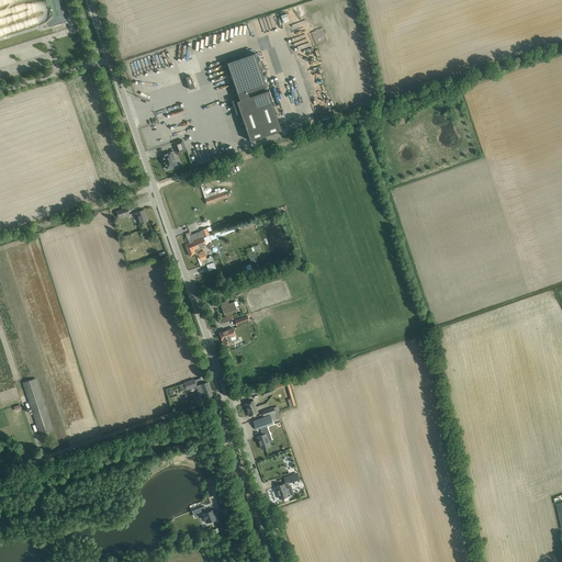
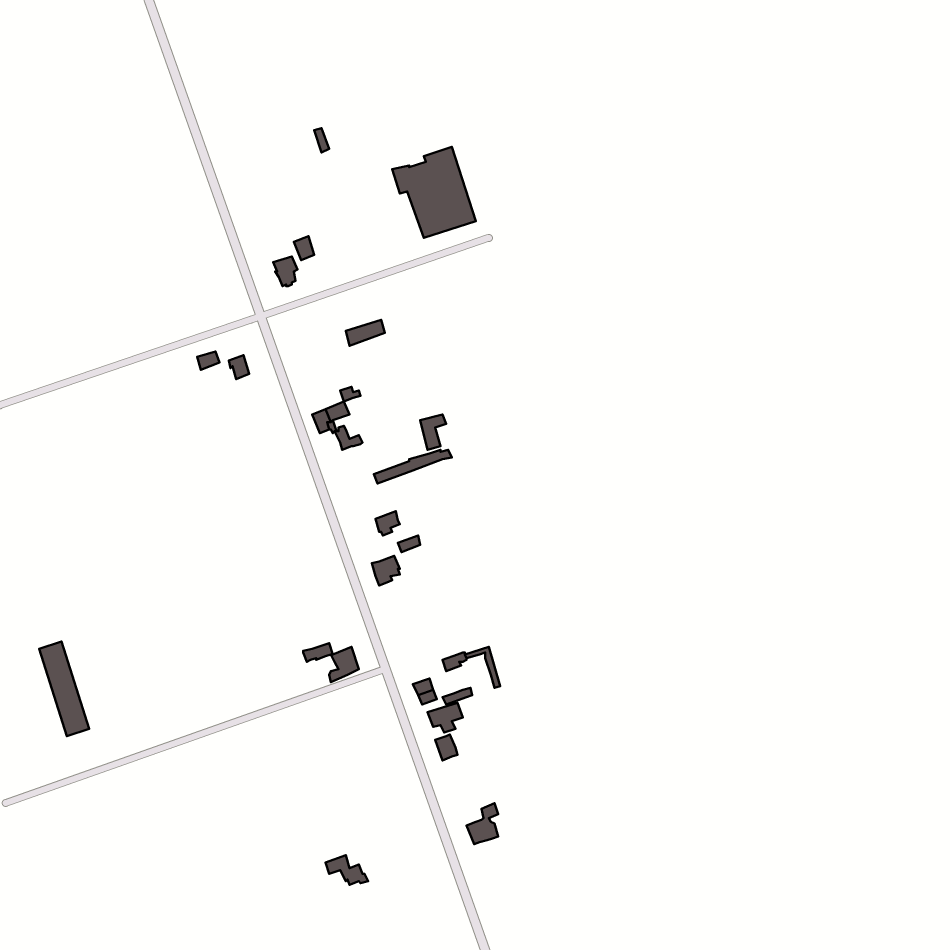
building: [226,53,267,93] -> none

